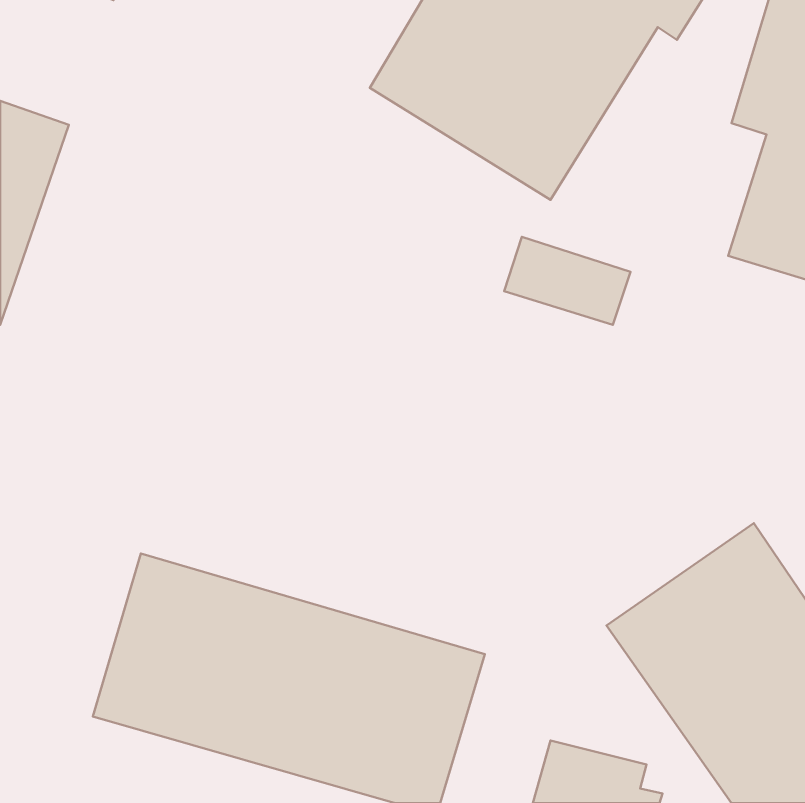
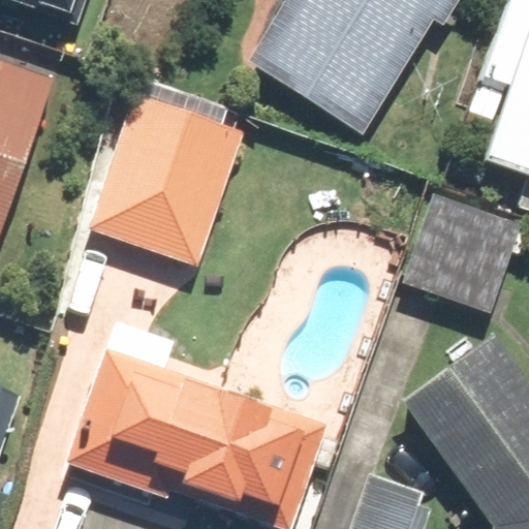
building: none -> [88,85,253,268]
building: none -> [401,190,524,313]

